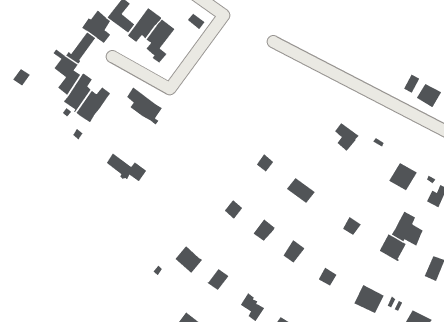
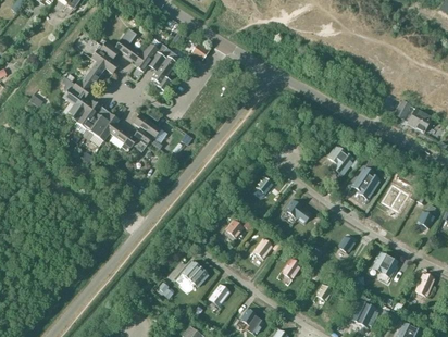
building: none -> [352,166,379,198]
building: [106,152,147,182] -> [109,123,148,151]
building: [391,211,424,246] -> none

